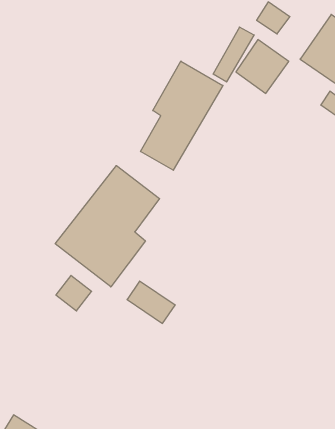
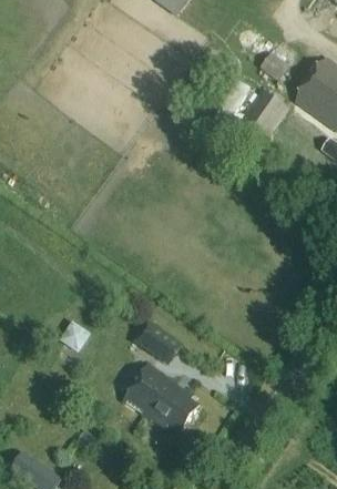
building: [141,61,223,170] -> none
building: [55,166,160,287] -> none
building: none -> [121,361,196,429]

